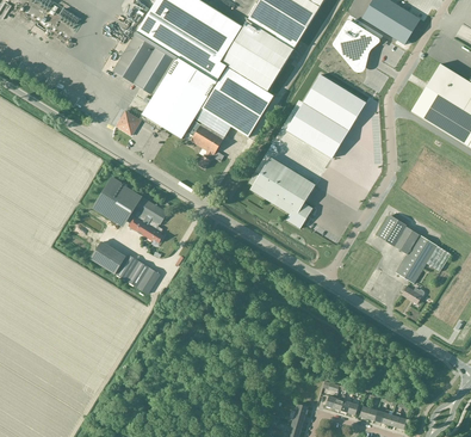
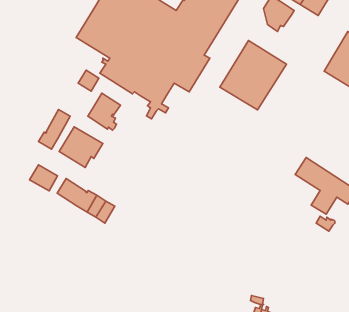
building: [249,156,315,228] -> none
building: none -> [38,109,70,149]
building: [129,198,168,242] -> [88,93,121,130]
building: none -> [29,165,57,191]

